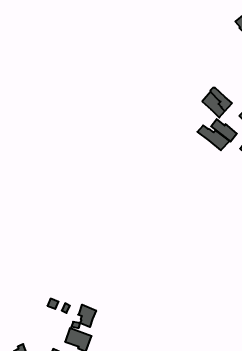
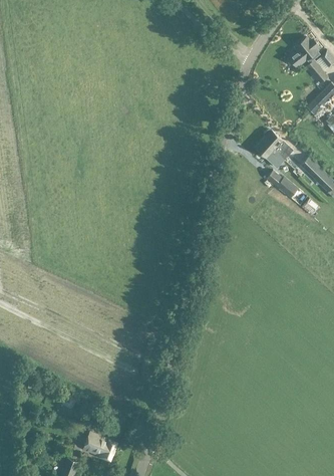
building: [197,125,230,150] -> none
building: [78,305,96,327] -> none

